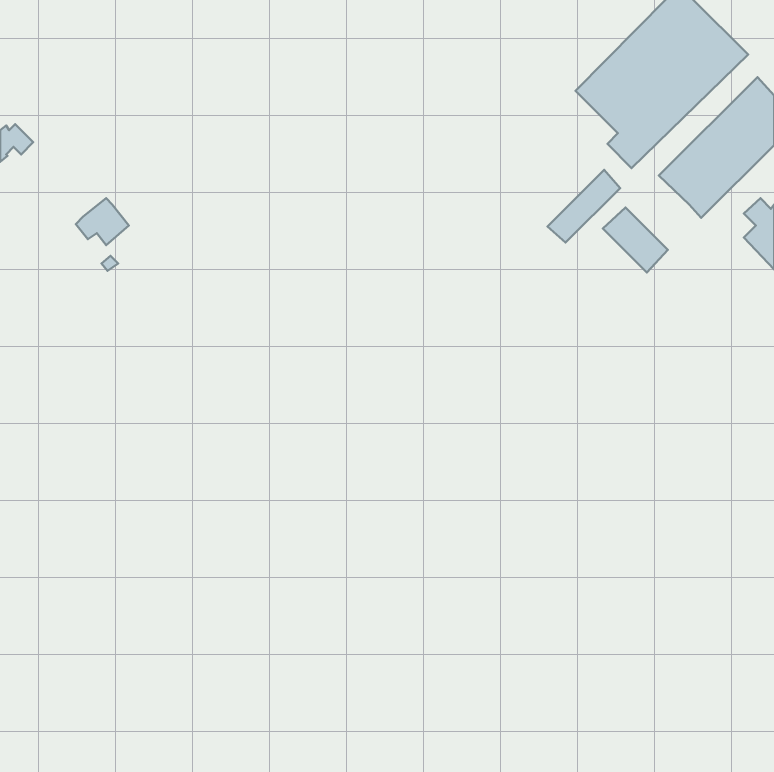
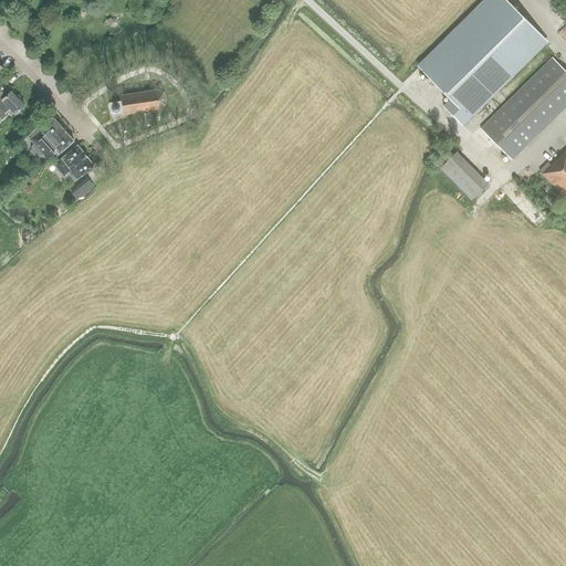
building: none -> [111,88,166,114]
building: none -> [28,117,74,158]
building: [547,170,620,243] -> none

